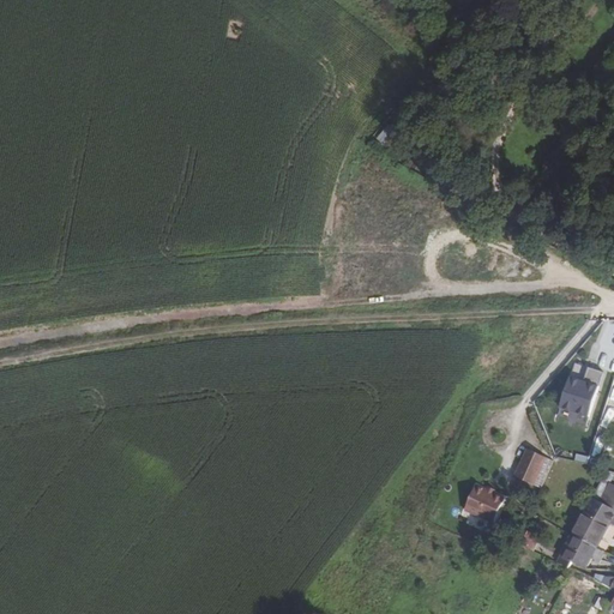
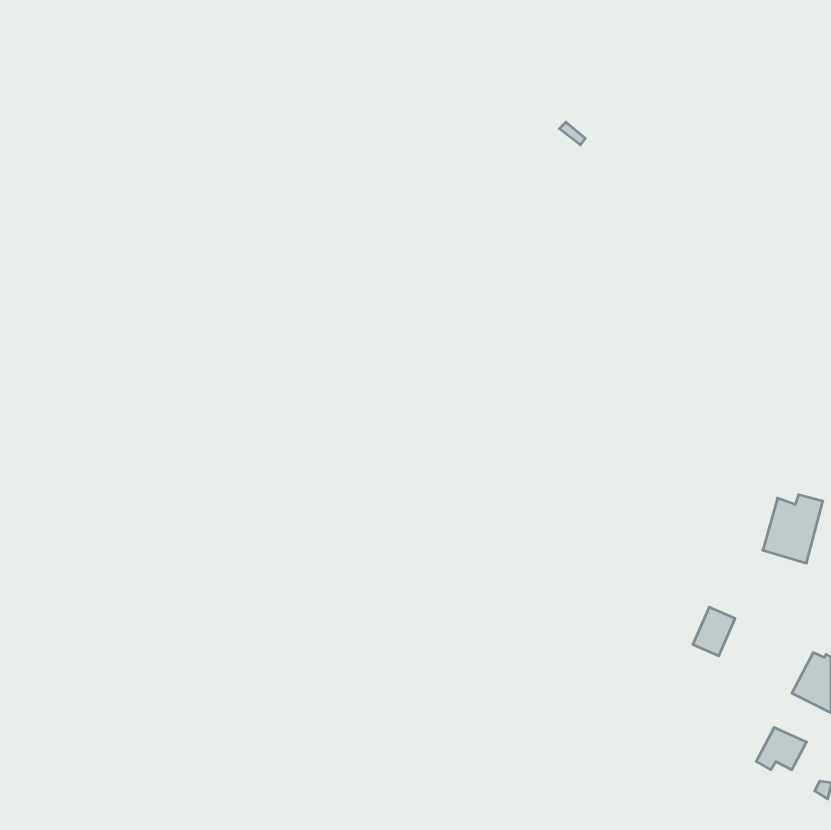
building: [463,484,502,522] -> none
building: [571,511,608,547] -> none

